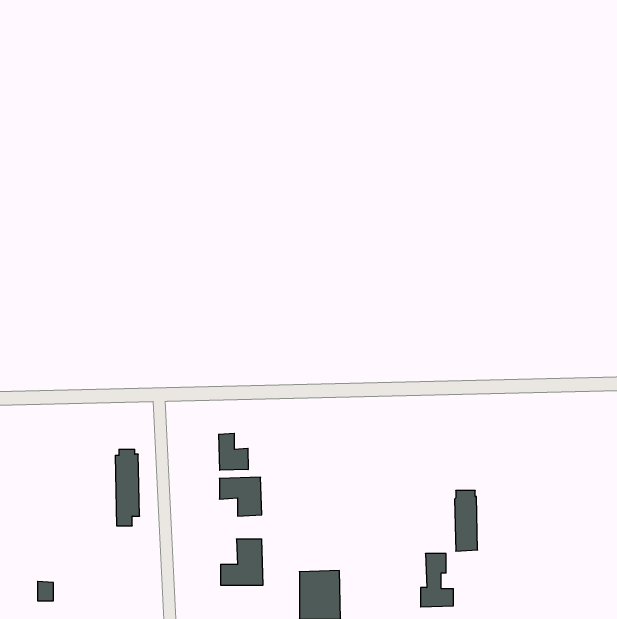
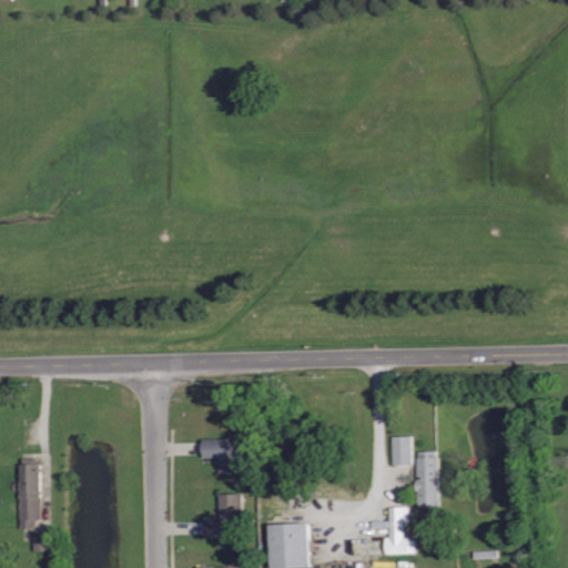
building: [219,433,248,470] -> none
building: [115,449,140,526] -> [18,457,40,527]
building: none -> [393,436,413,465]

